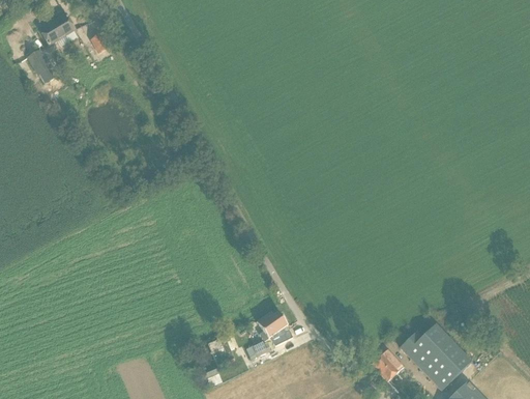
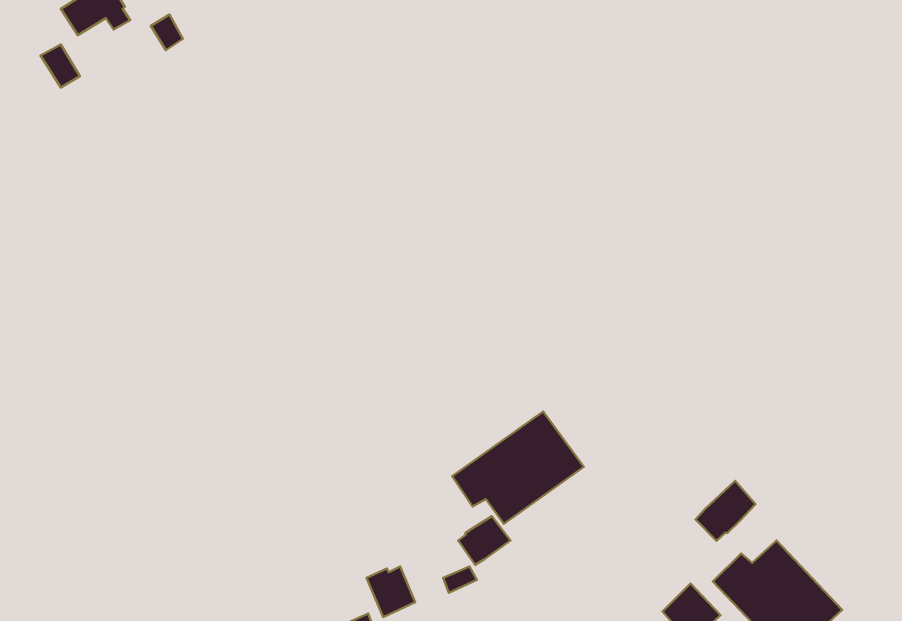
building: none -> [452,411,584,524]
building: none -> [695,481,755,541]

